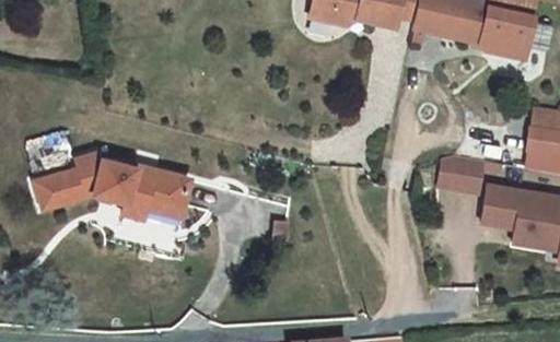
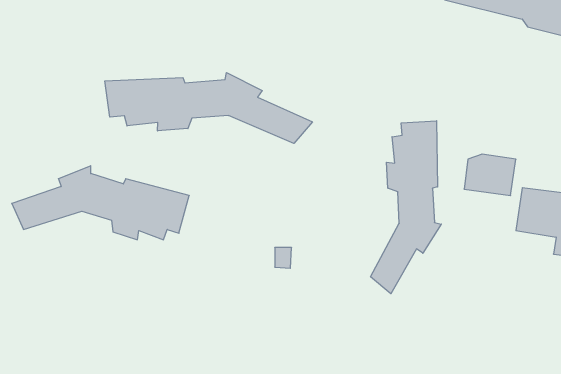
building: none -> [105,73,312,143]
building: none -> [371,121,441,294]

